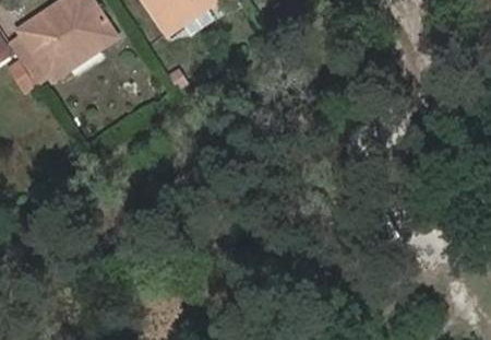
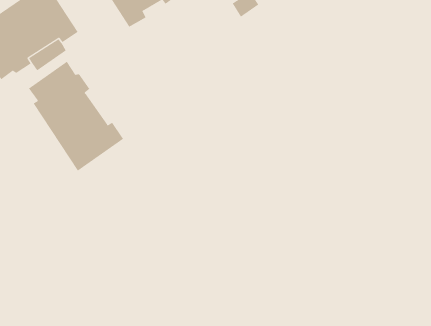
building: none -> [28,61,124,172]

